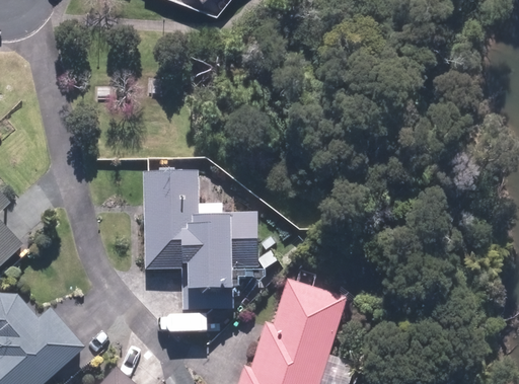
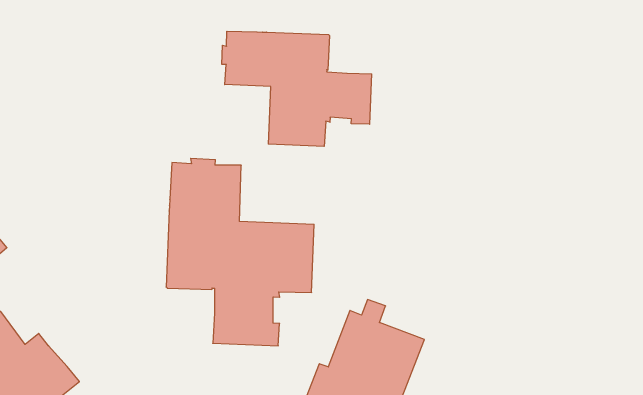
building: none -> [222,31,372,146]

